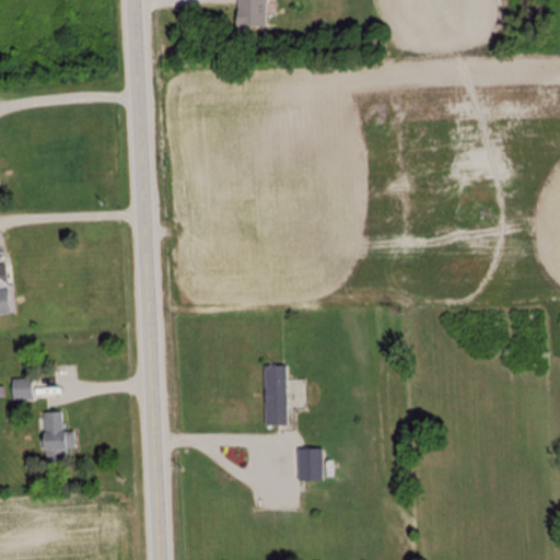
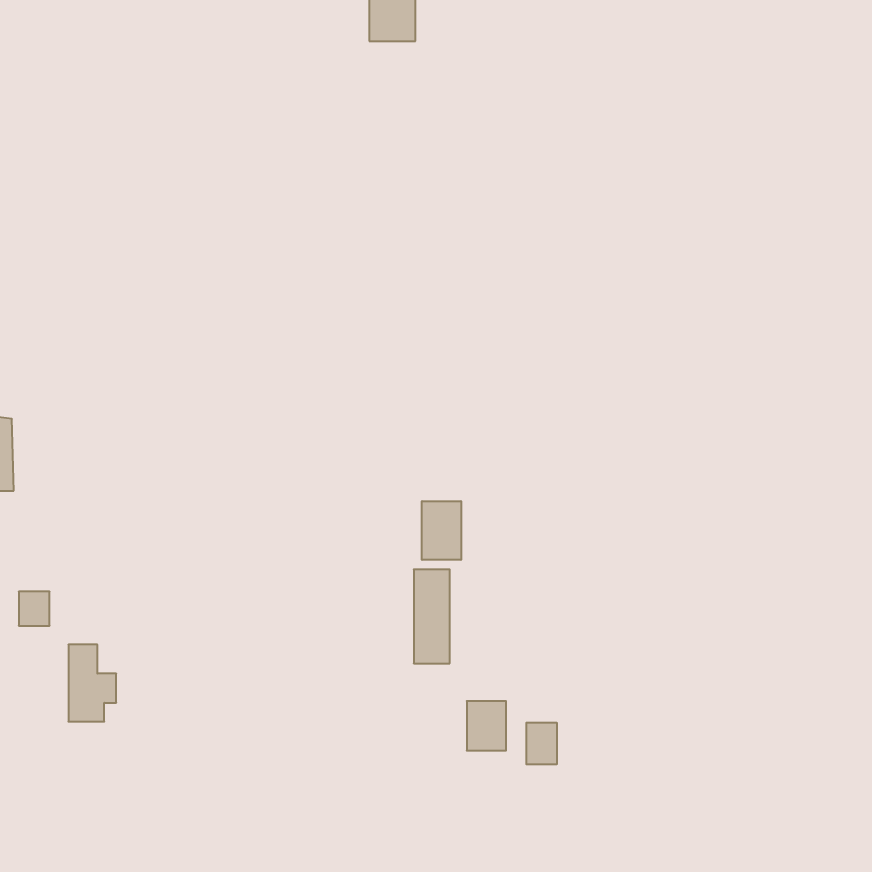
building: none -> [422,501,461,560]
building: none -> [526,723,557,764]

